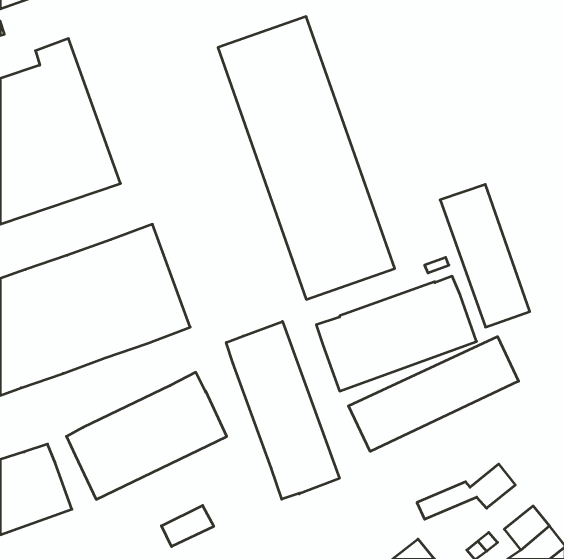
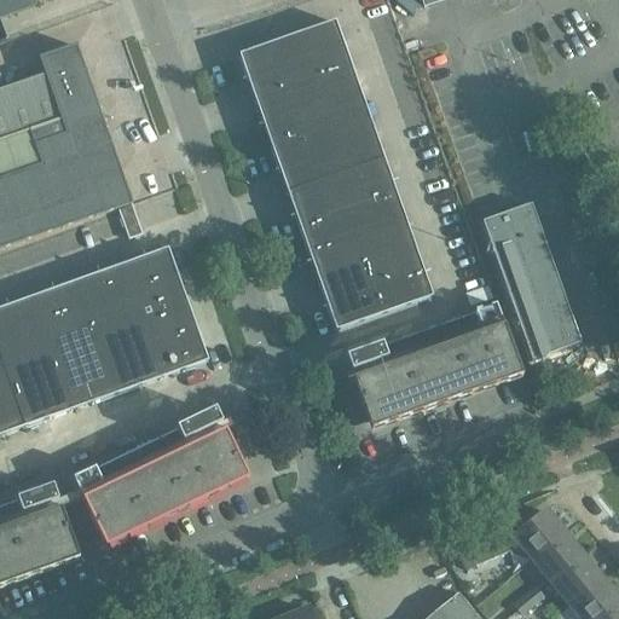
building: [226,321,339,499] -> none
building: [348,337,519,451] -> none
building: none -> [533,531,584,579]
building: [161,505,214,547] -> none

